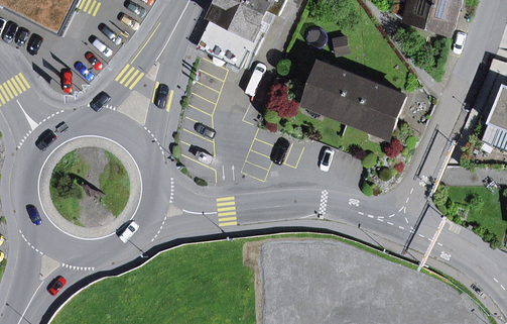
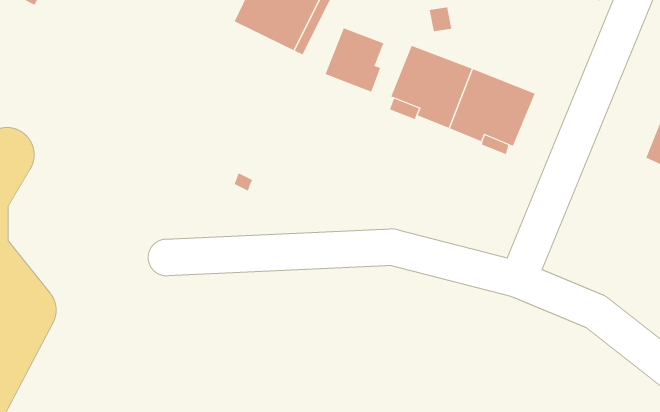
building: none -> [325,28,384,93]

